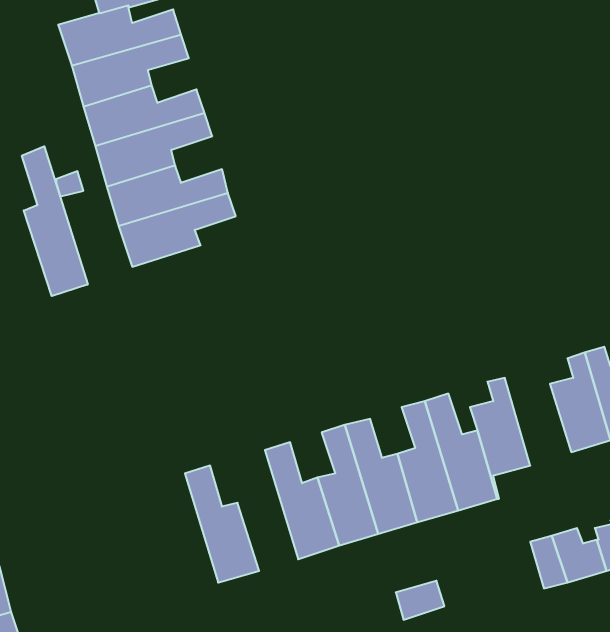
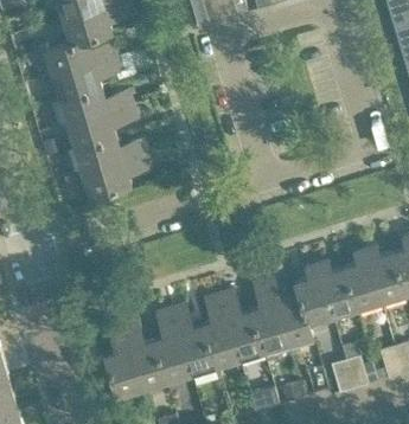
building: [22,146,88,296] -> none
building: none -> [317,261,357,319]
building: none -> [154,309,191,383]
building: none -> [106,323,142,397]

